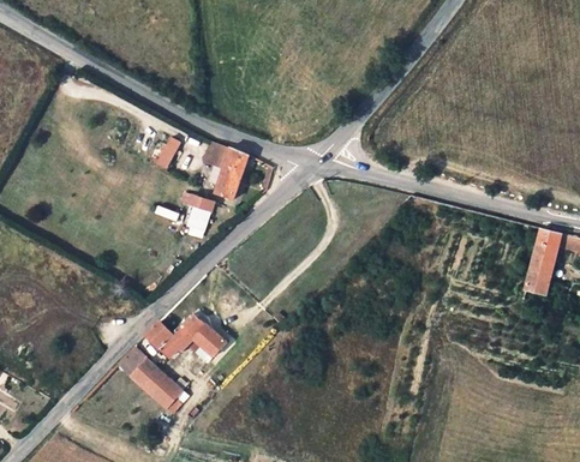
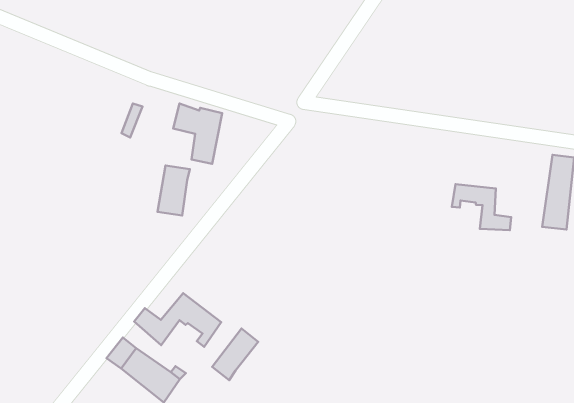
building: none -> [452,184,511,230]
building: none -> [212,329,258,380]

